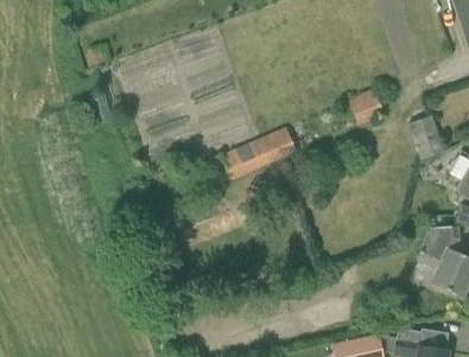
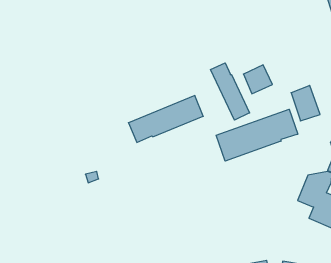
building: none -> [211,63,250,120]
building: none -> [216,109,298,161]

